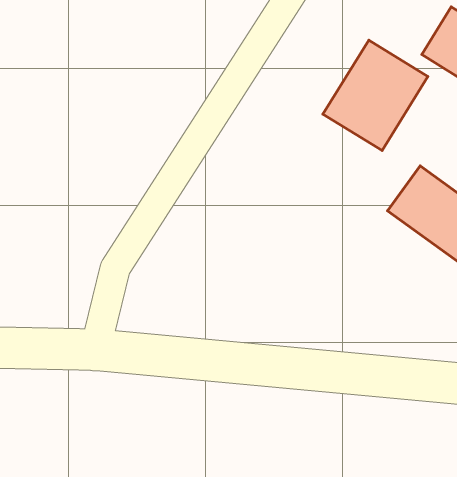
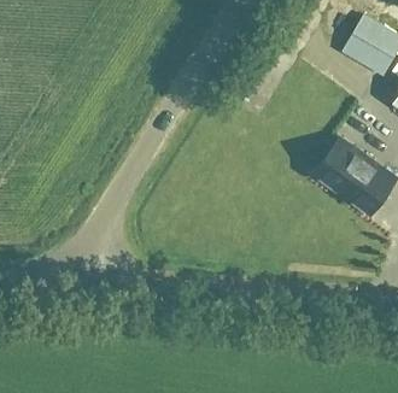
building: [323,40,428,151] -> none

